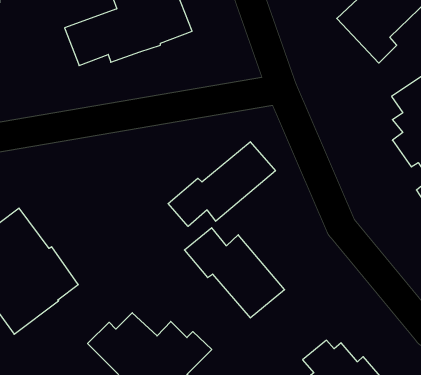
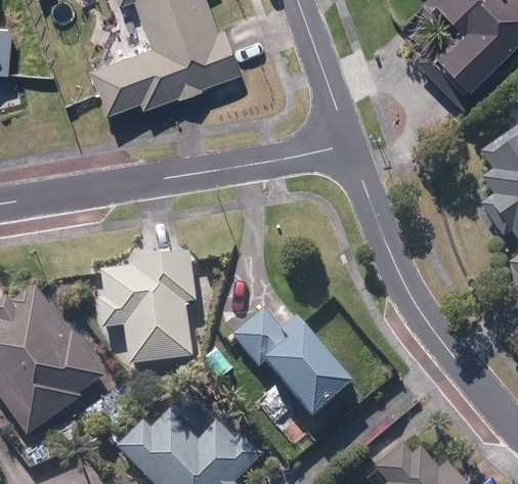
building: [168,142,275,226] -> none
building: none -> [98,250,195,362]

